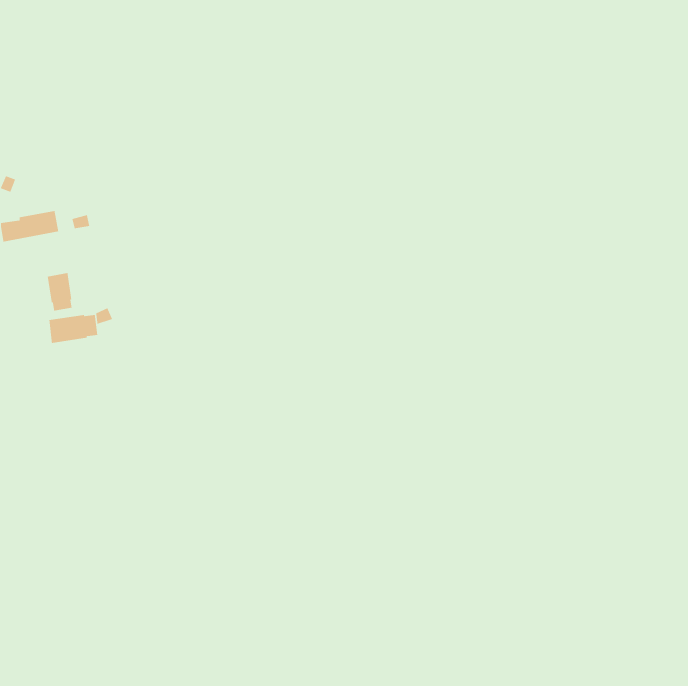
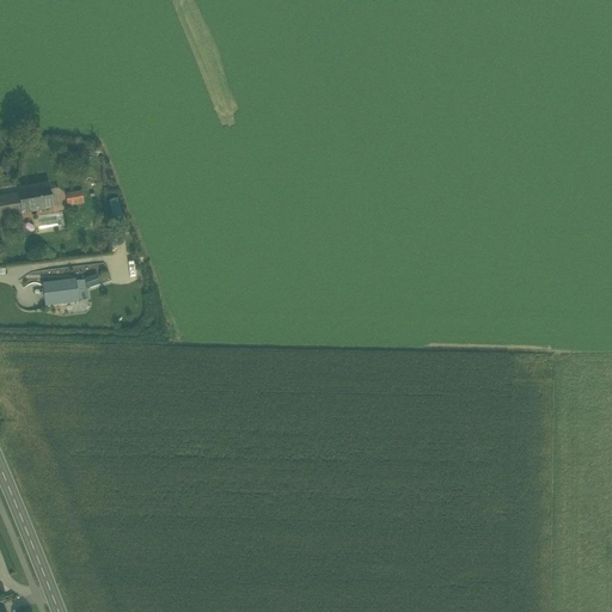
building: [47,272,73,311] -> none

